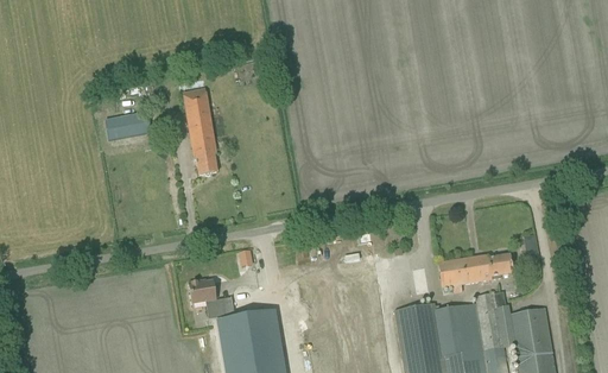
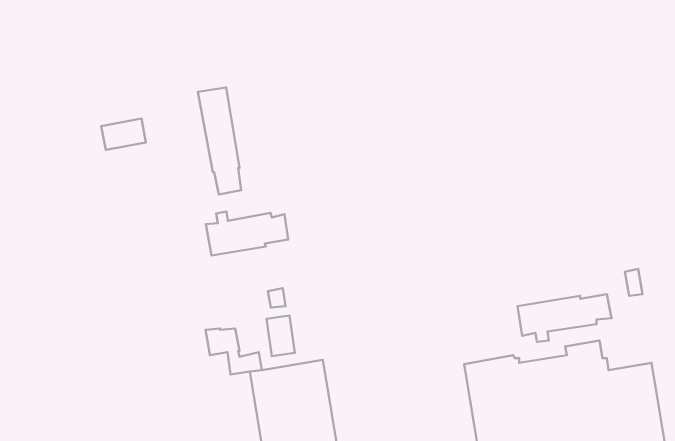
building: none -> [206,211,288,255]
building: none -> [266,316,295,356]

